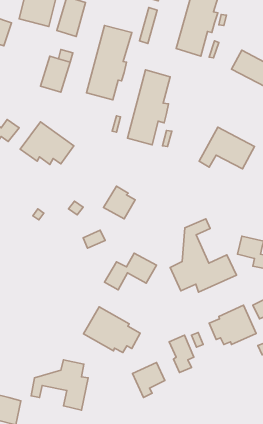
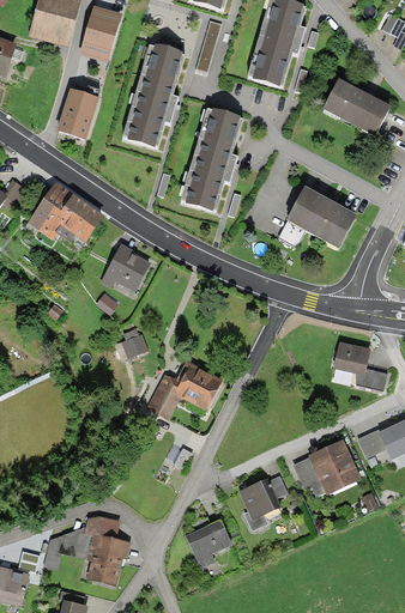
building: [104,186,135,219] -> [105,243,150,289]
building: [170,219,236,292] -> none
building: [84,307,140,352] -> none

